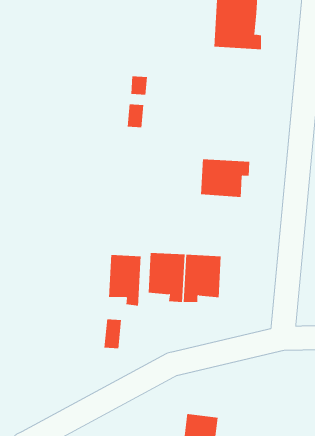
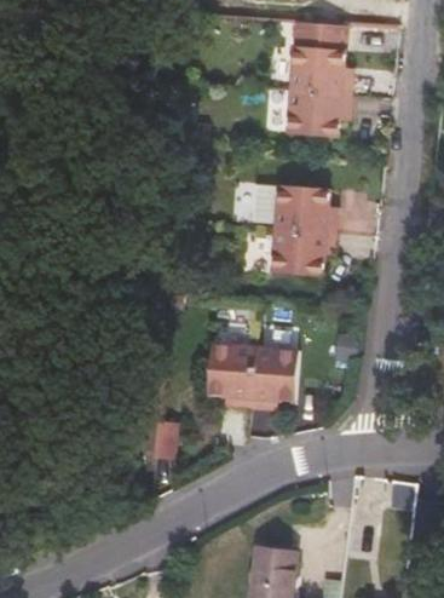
building: none -> [287,87,350,134]
building: none -> [252,183,336,231]
building: [108,254,141,306] -> none

